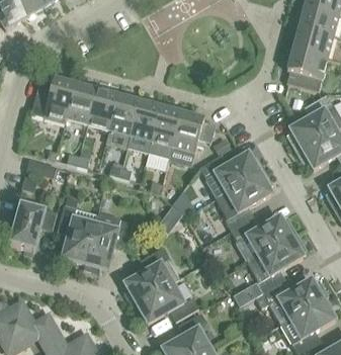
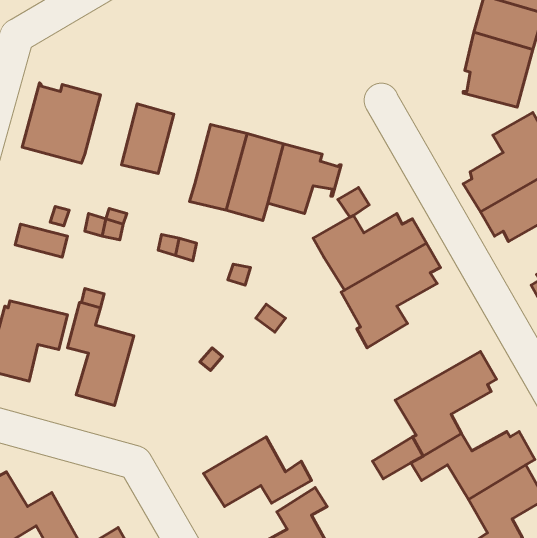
building: [67,83,97,123] -> none
building: [109,94,140,135] -> none
building: [83,211,132,272] -> none
building: [231,214,296,260] -> none
building: [123,246,179,304] -> none

